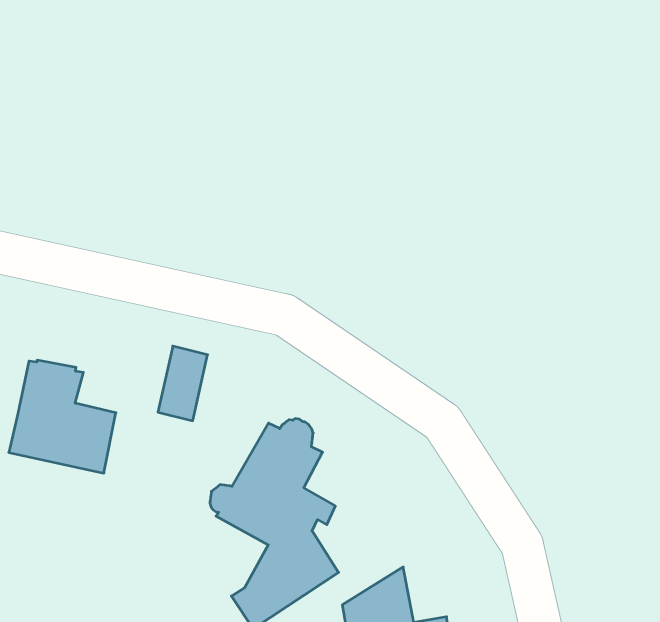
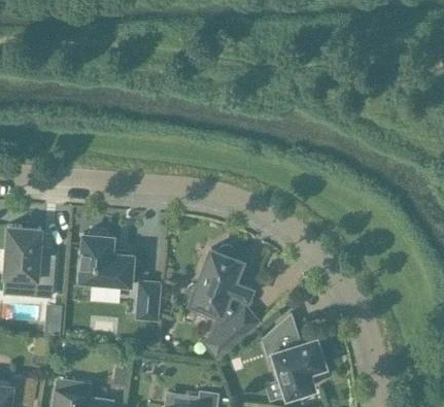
building: [158,346,208,421] -> [137,283,159,320]

